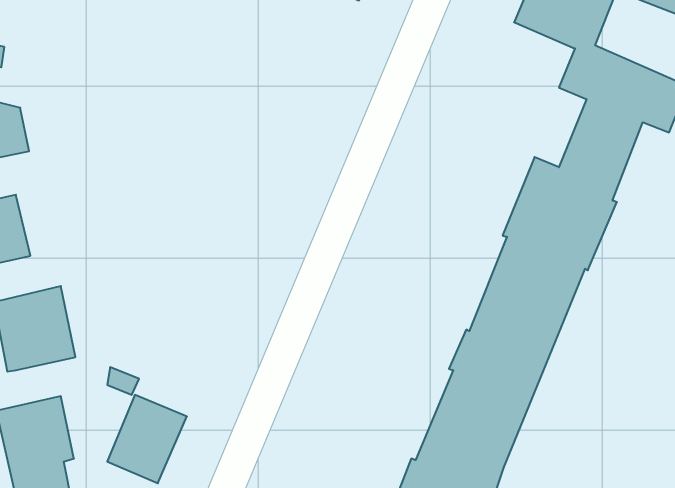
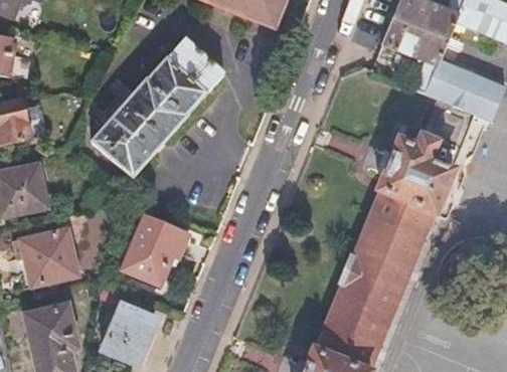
building: none -> [92,39,223,178]
building: none -> [122,216,188,286]

